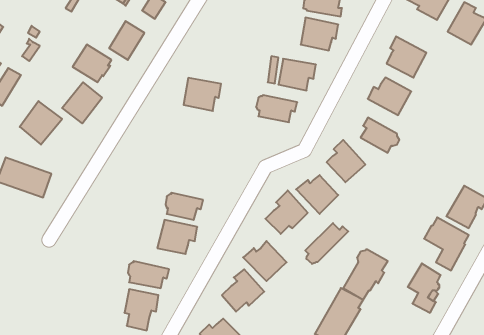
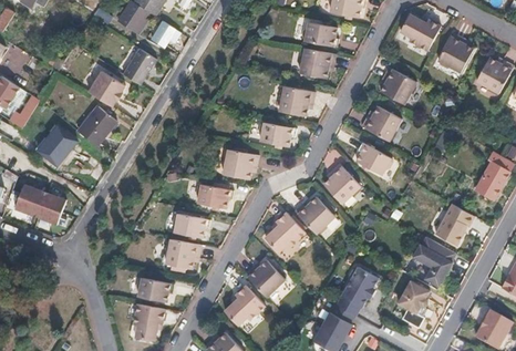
building: [184,78,221,111] -> [224,147,259,178]
building: none -> [197,183,235,208]
building: [305,223,348,264] -> none

